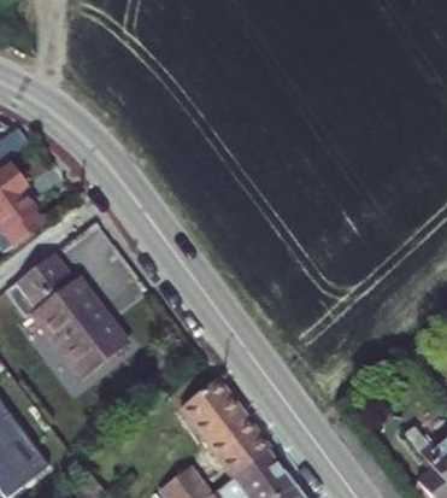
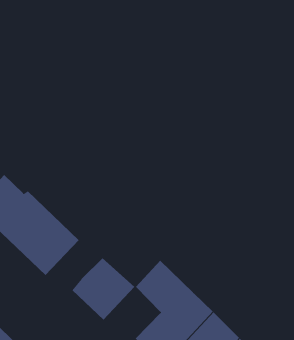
building: none -> [72,257,135,320]

